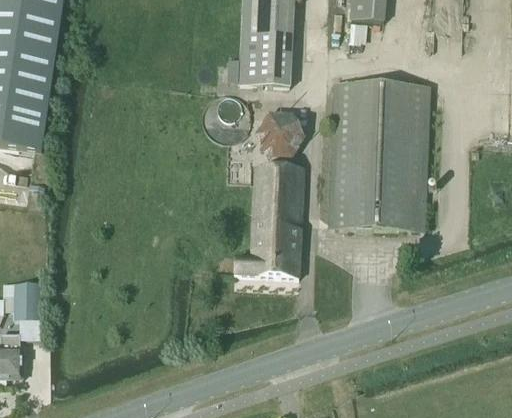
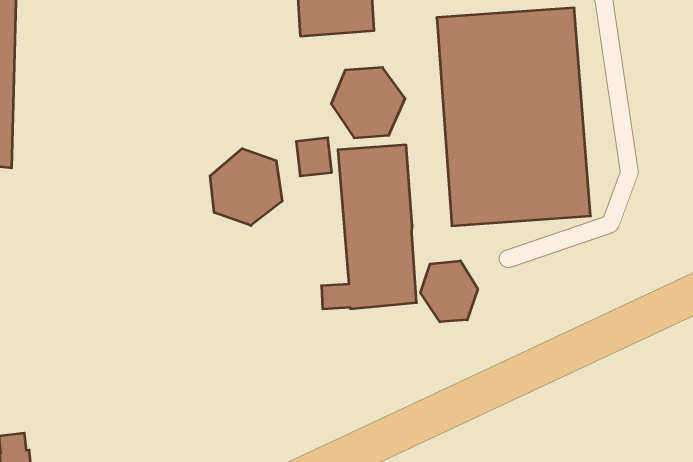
building: none -> [210,149,282,226]
building: none -> [420,261,478,322]
building: [14,282,39,338] -> none

